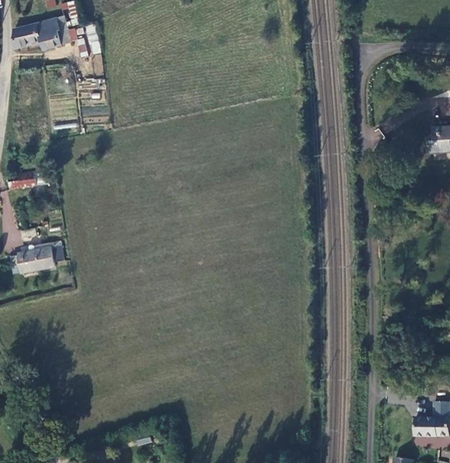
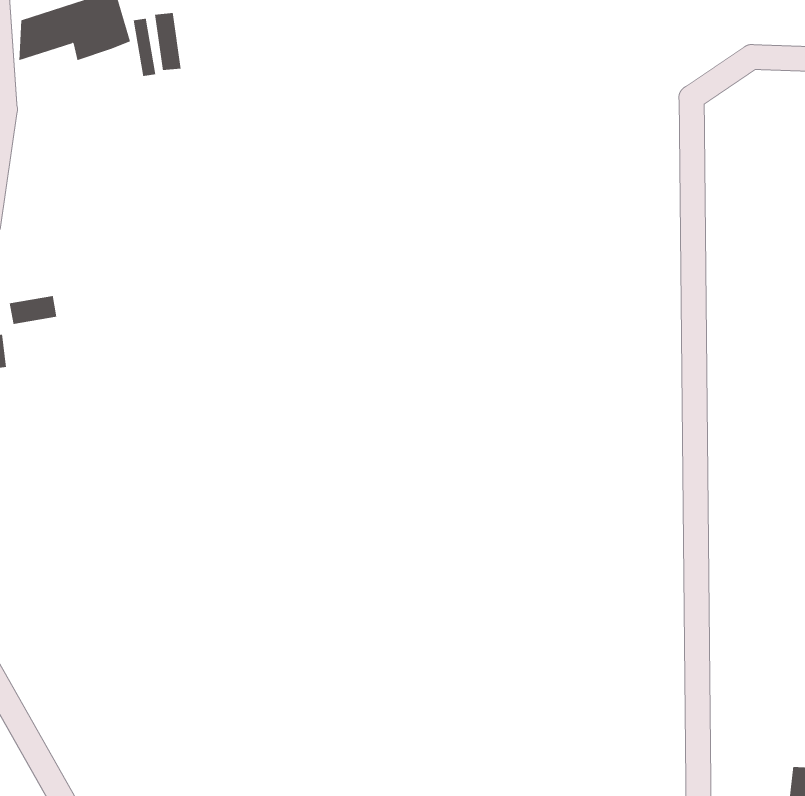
building: [15,246,52,270] -> none

